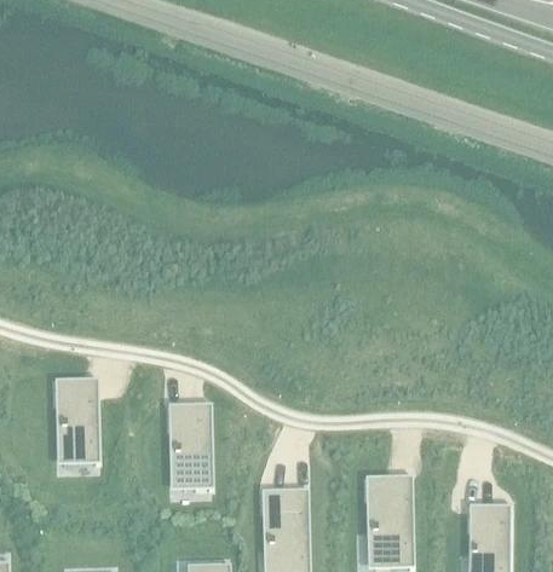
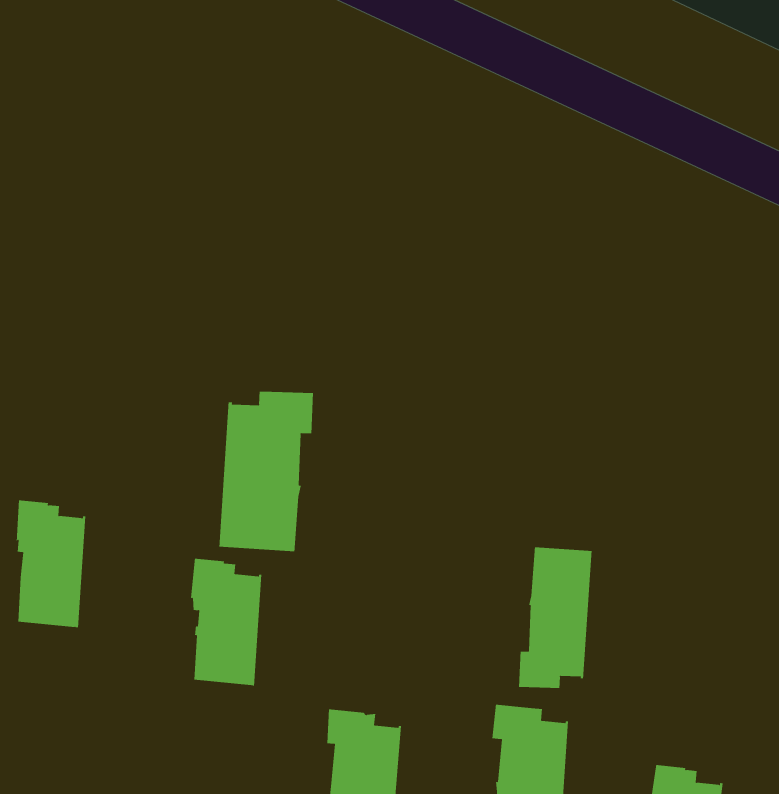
building: none -> [219,391,313,552]
building: none -> [519,547,592,689]

